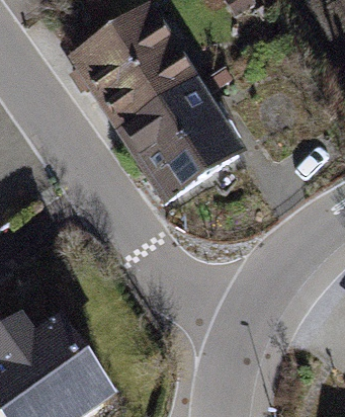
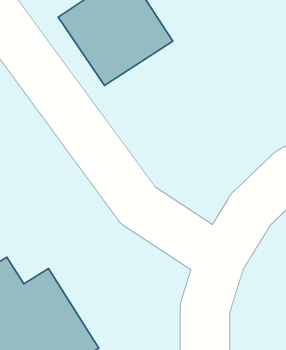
building: [124,81,242,196] -> none

